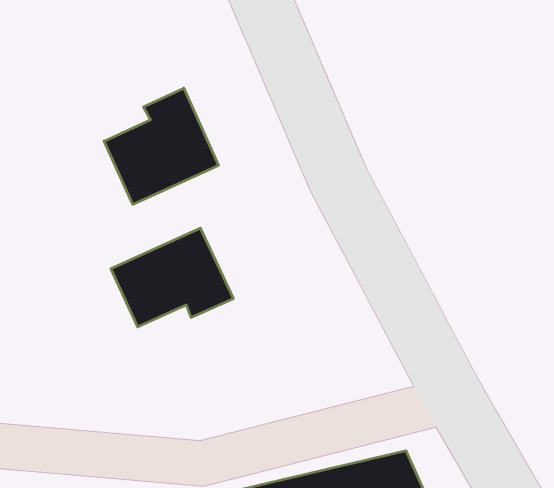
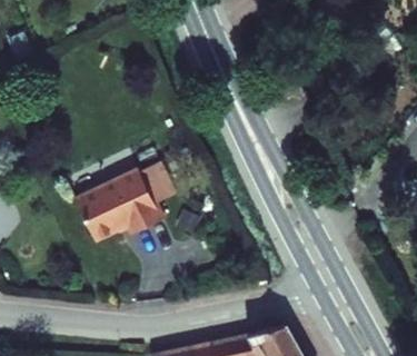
building: [104,88,218,204] -> none

